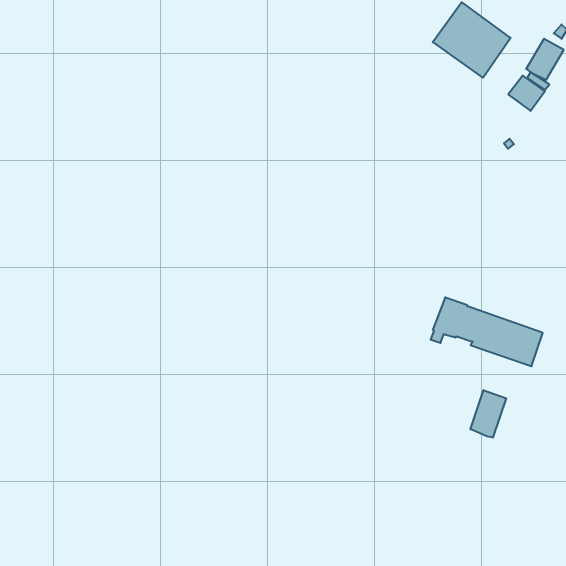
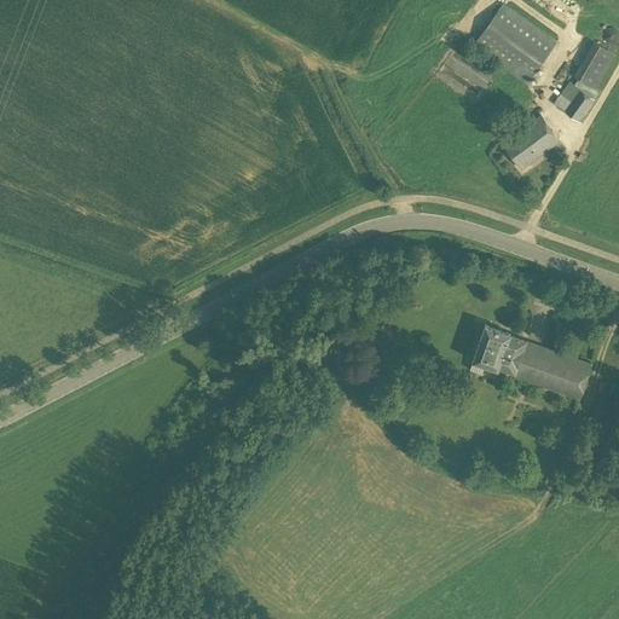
building: none -> [504,116,560,167]
building: [470,390,506,438] -> none

